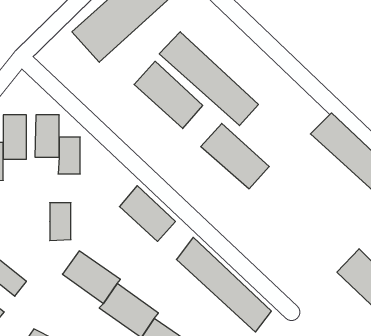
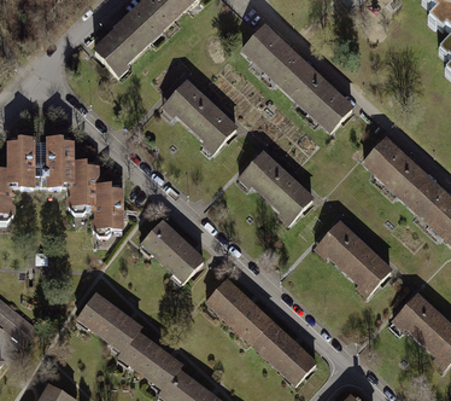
building: [159,32,258,126] -> [239,24,352,132]
building: none -> [312,220,391,297]
building: [50,203,71,241] -> [96,184,121,227]

